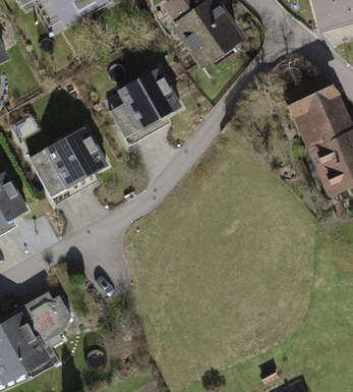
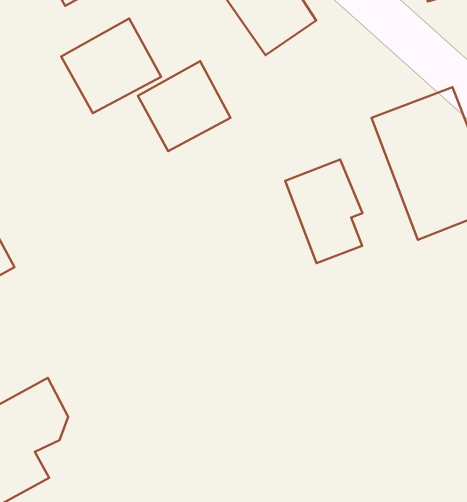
building: [40,125,110,191] -> [61,19,161,113]
building: none -> [285,160,363,263]

